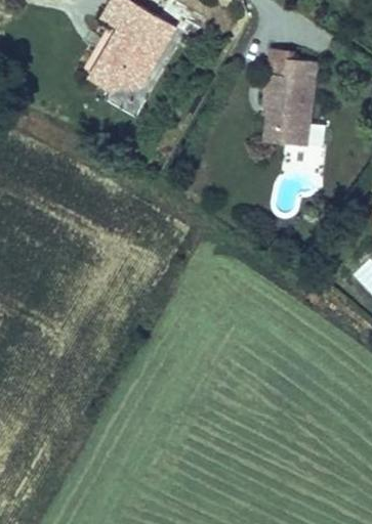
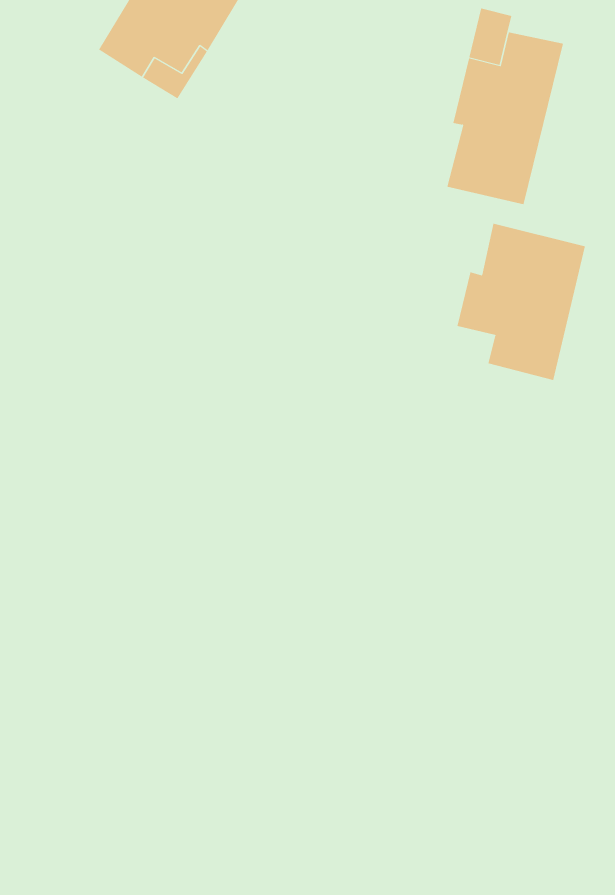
building: none -> [457,223,585,381]

